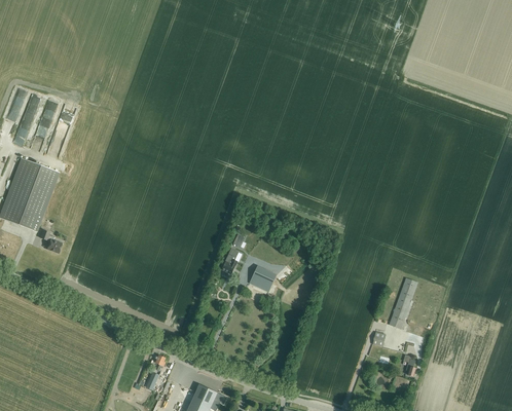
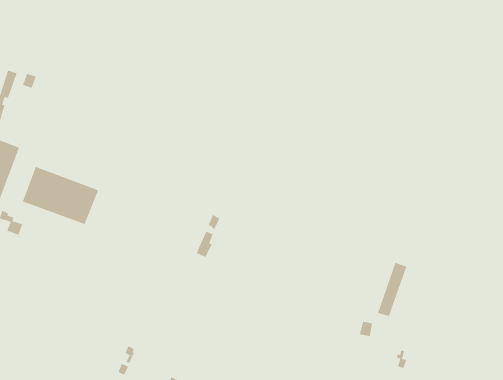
building: none -> [22,166,99,225]
building: [249,266,276,292] -> none

